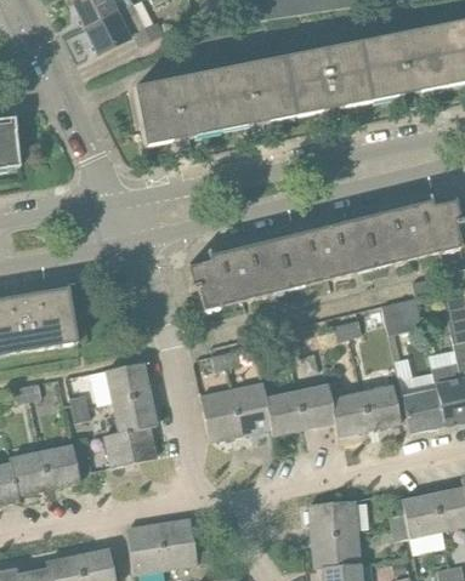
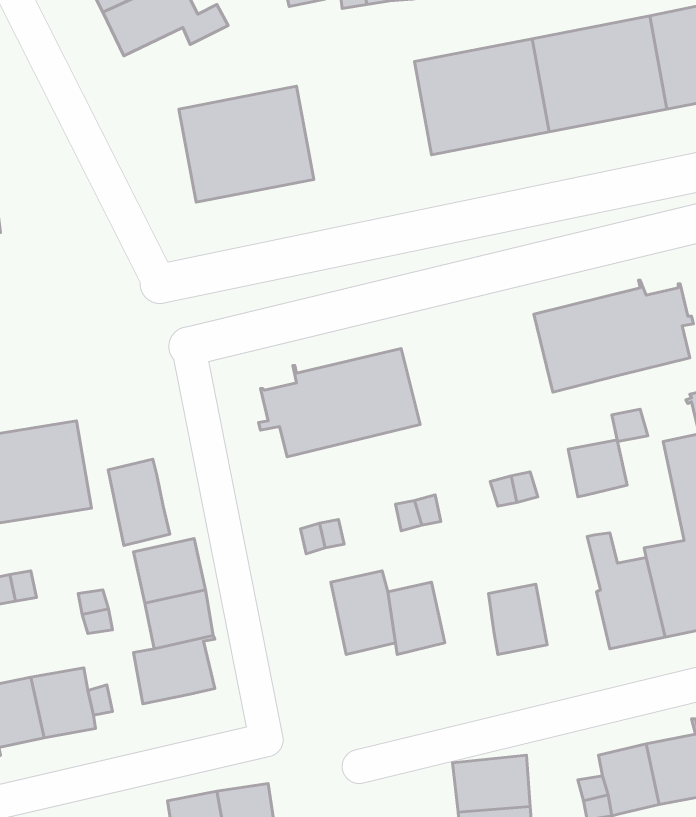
building: [209,56,295,131] -> none
building: [276,217,373,287] -> none
building: none -> [108,459,170,546]
building: [295,381,335,427] -> none
building: [362,382,402,428] -> none
building: [200,388,240,440] -> none

